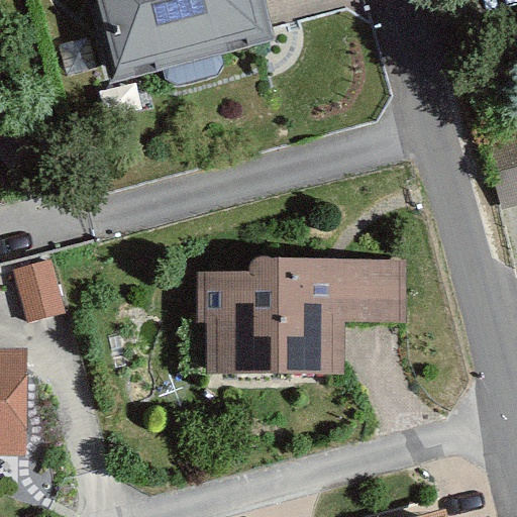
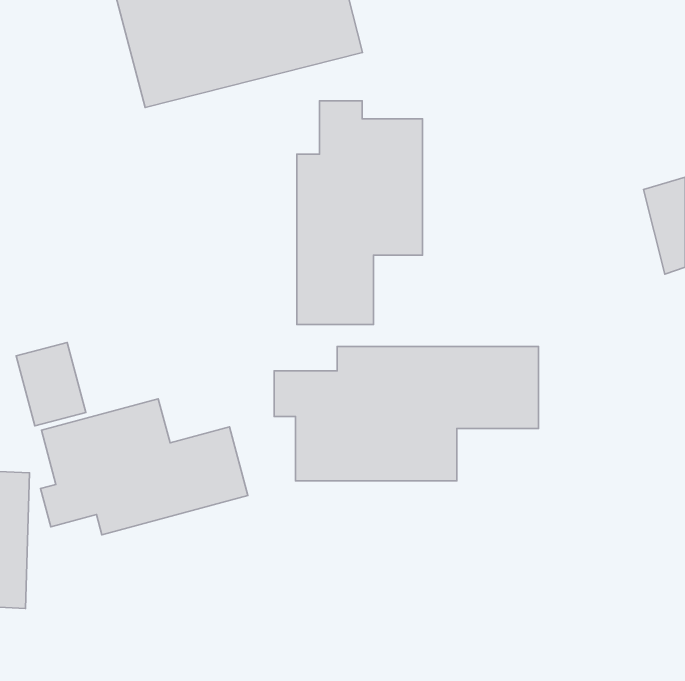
building: none -> [297,101,423,324]
building: none -> [40,399,248,535]

